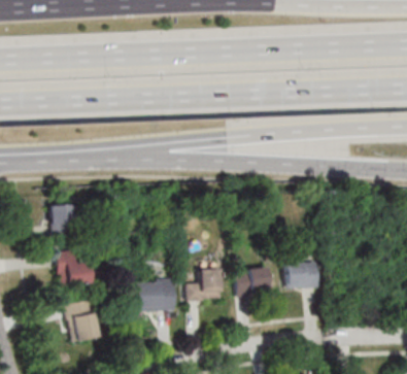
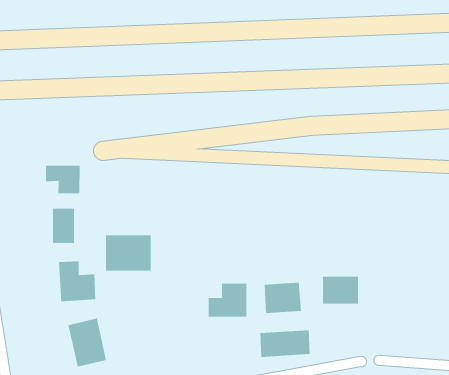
building: none -> [45,165,81,194]
building: [135,279,175,311] -> [105,235,151,271]
building: none -> [260,329,311,358]

